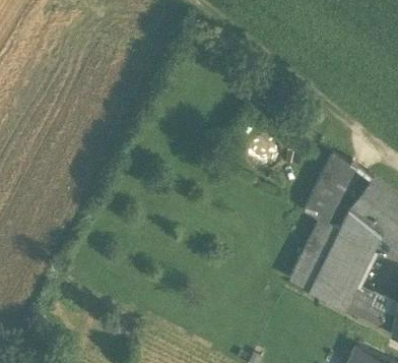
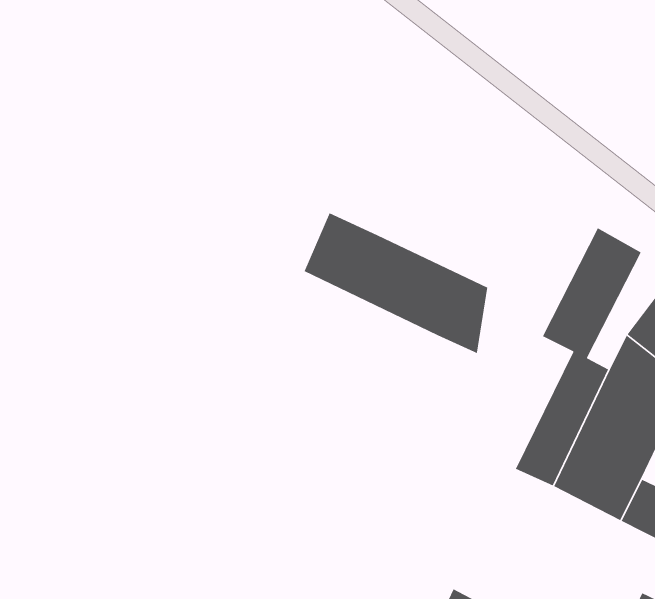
building: none -> [303,212,488,354]

